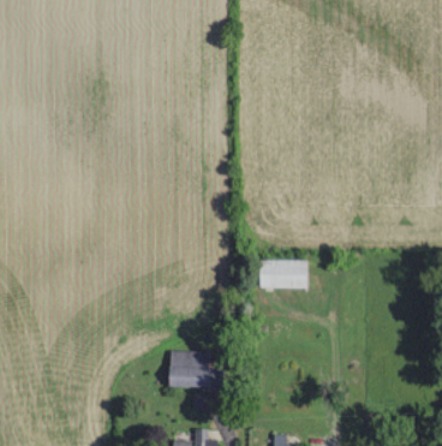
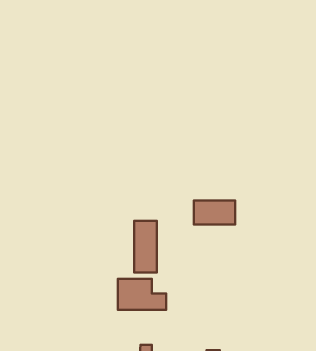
building: none -> [134,221,157,272]

